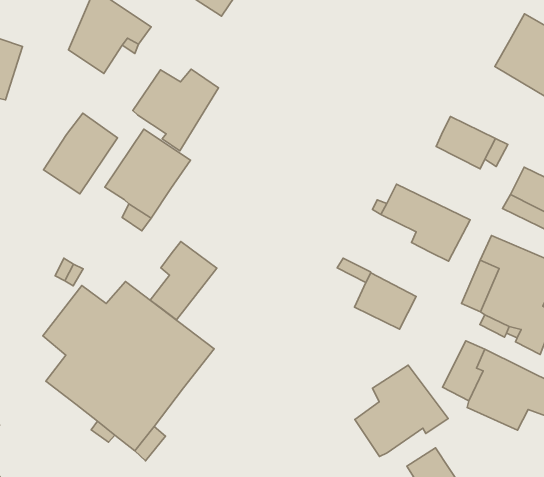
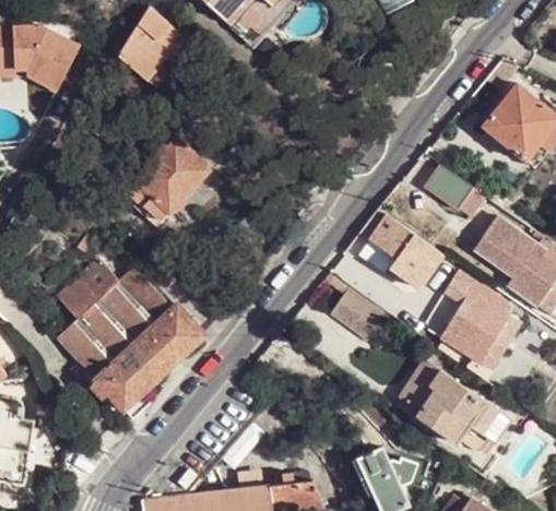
building: [133,69,218,151] -> none
building: [44,113,118,194] -> none
building: [150,241,217,320] -> none
building: [355,365,448,457] -> none

